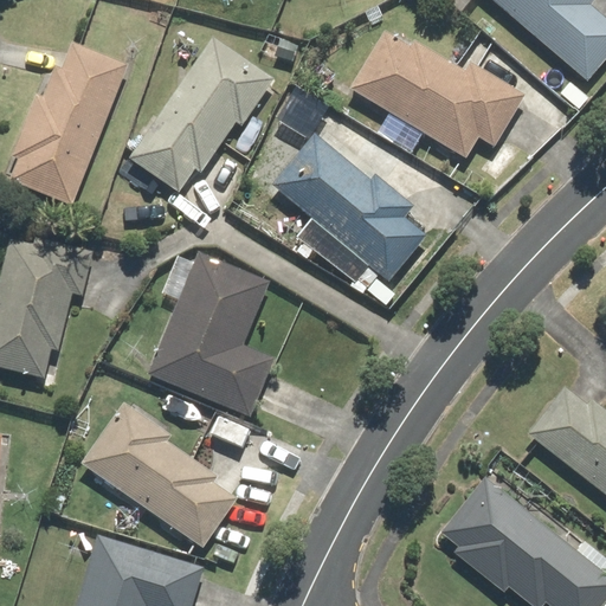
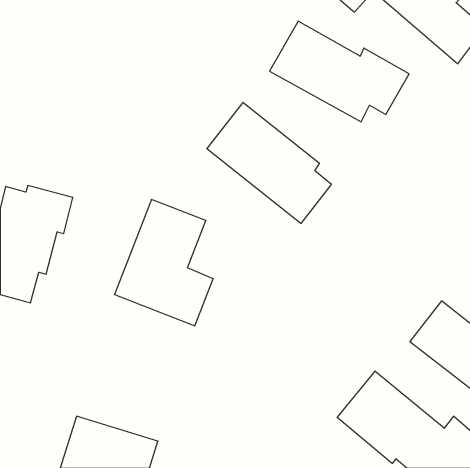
building: [128,38,277,194] -> none
building: [11,43,125,204] -> none
building: [86,405,238,548] -> none

